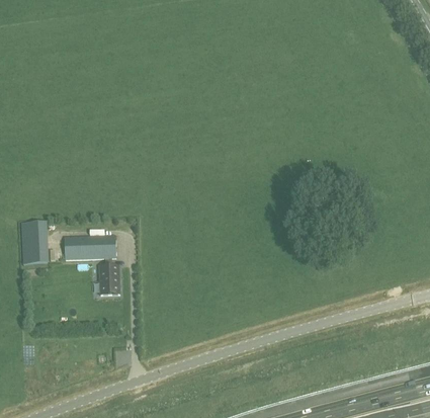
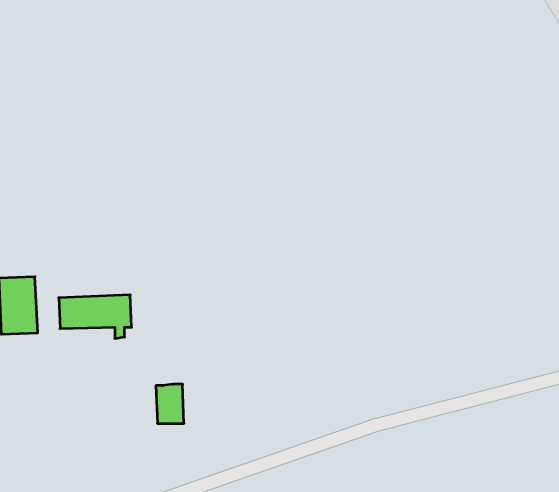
building: [98,265,118,294] -> [156,384,184,423]

